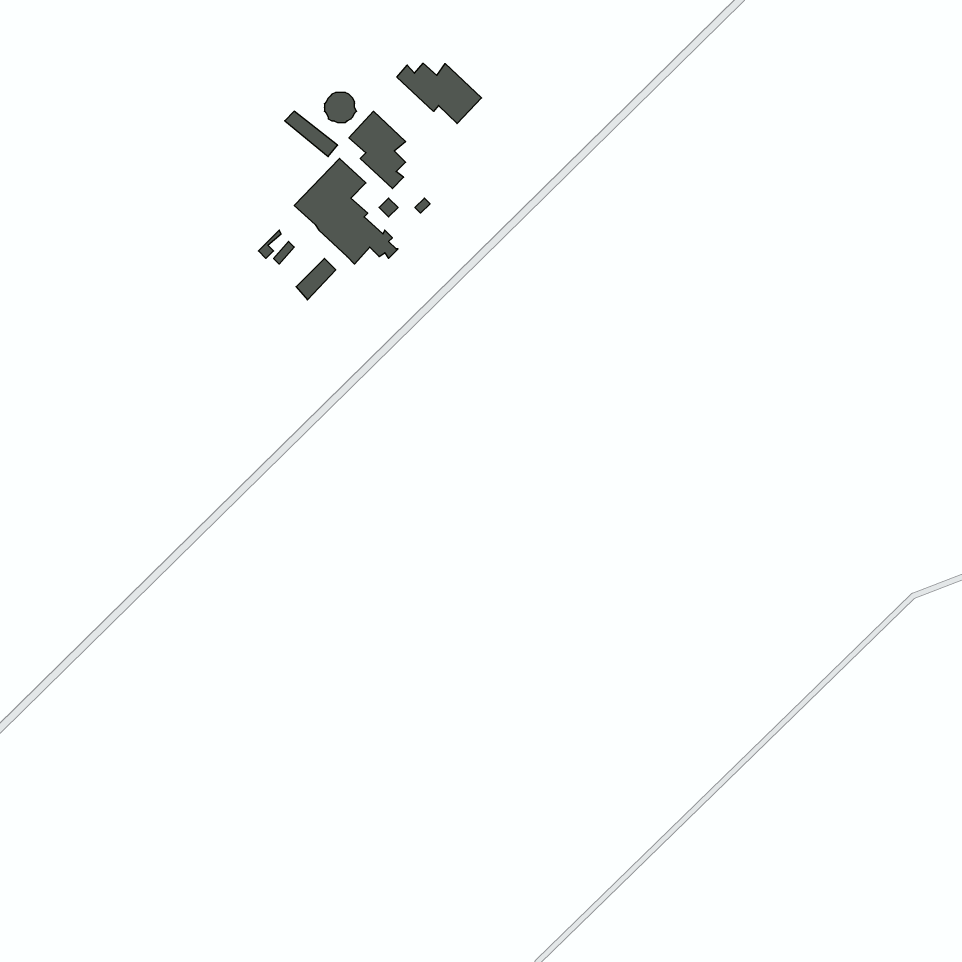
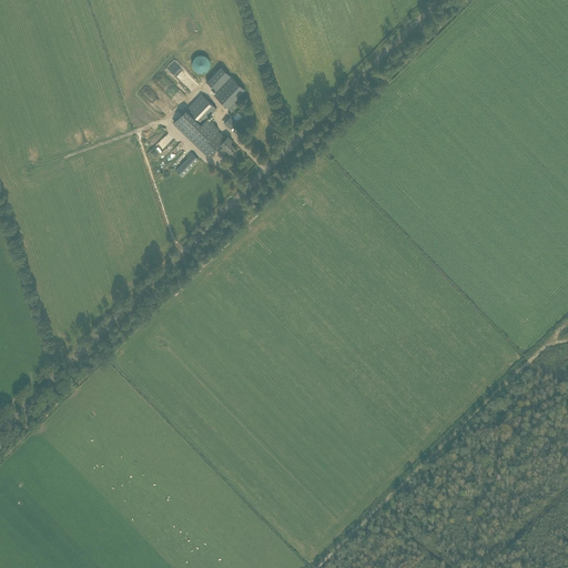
building: [397,63,482,124] -> none

